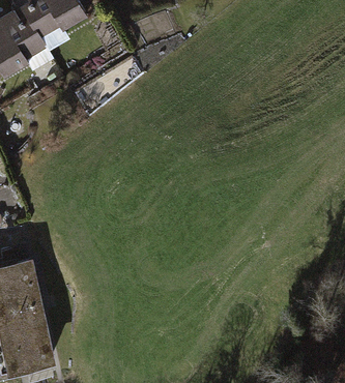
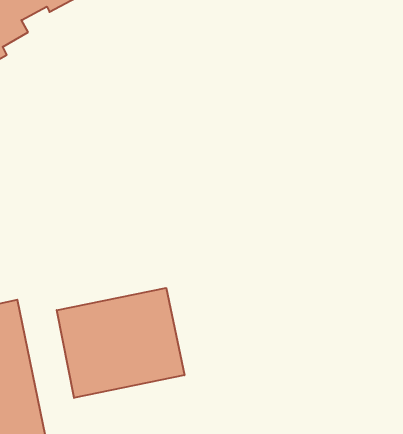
building: none -> [57,288,184,398]

